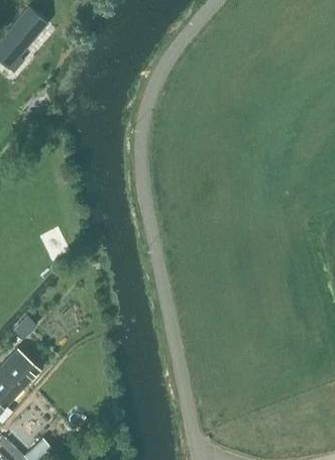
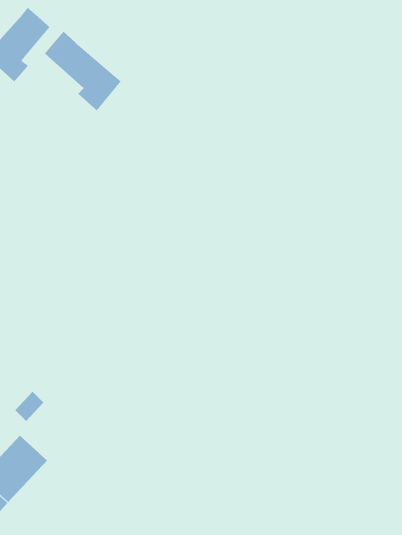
building: none -> [44,31,121,111]

